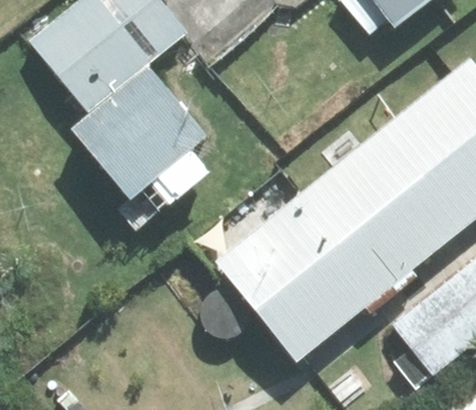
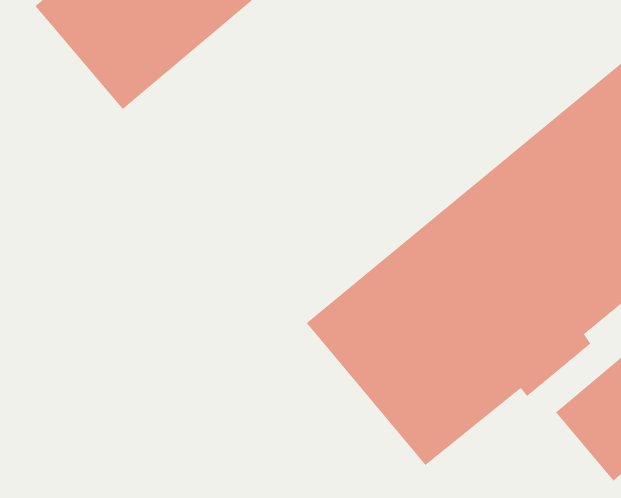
building: [76,73,213,219] -> none

